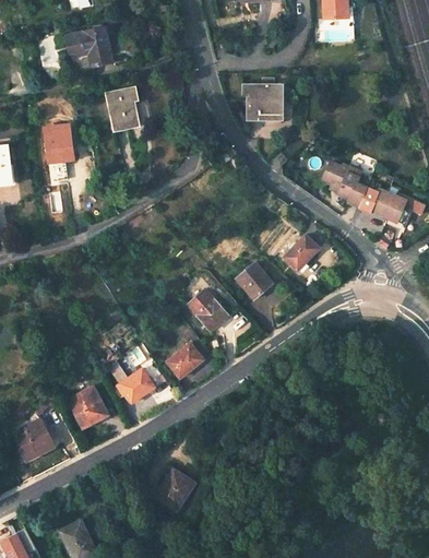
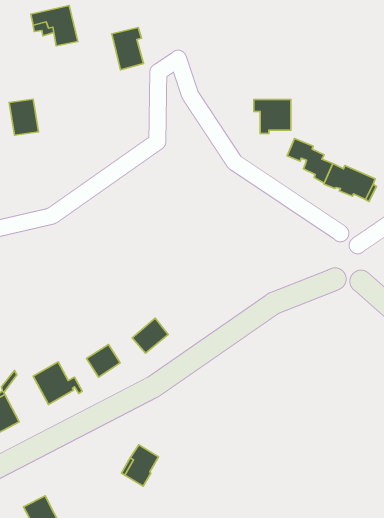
building: [106,83,138,126] -> [112,27,144,70]
building: [245,85,282,119] -> [254,100,291,133]
building: [285,234,320,270] -> none
building: [237,262,273,298] -> none
building: [189,288,229,331] -> none

